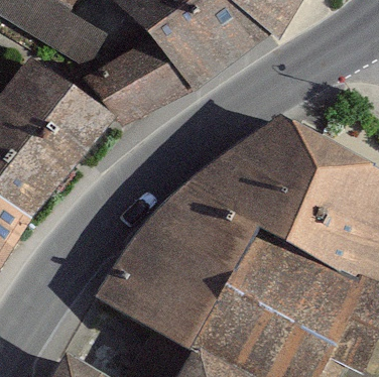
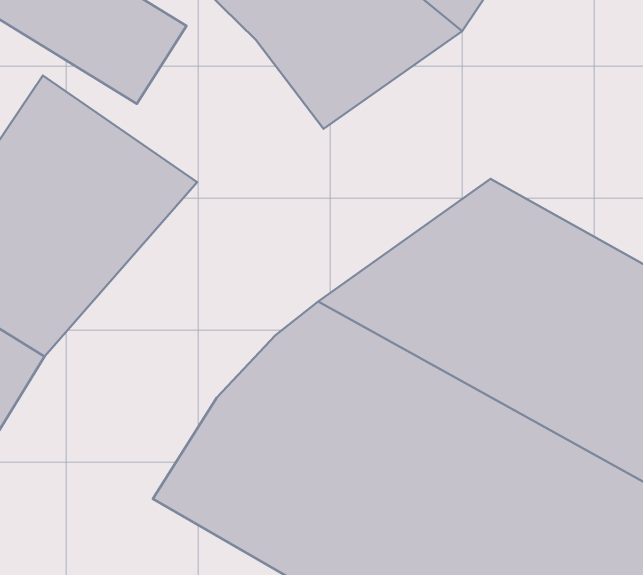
building: [96,35,191,116] -> none

